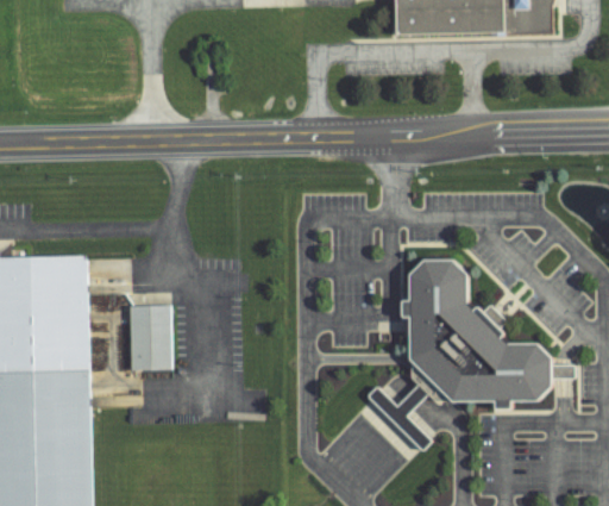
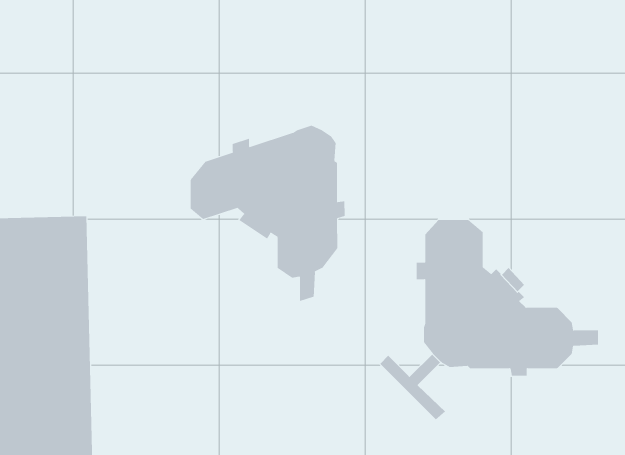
building: none -> [190,125,345,302]
building: [131,304,172,369] -> none

